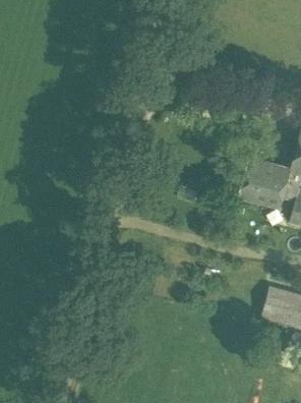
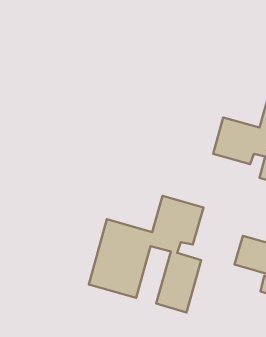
building: none -> [89,196,204,312]

